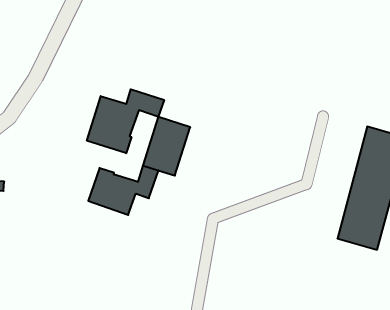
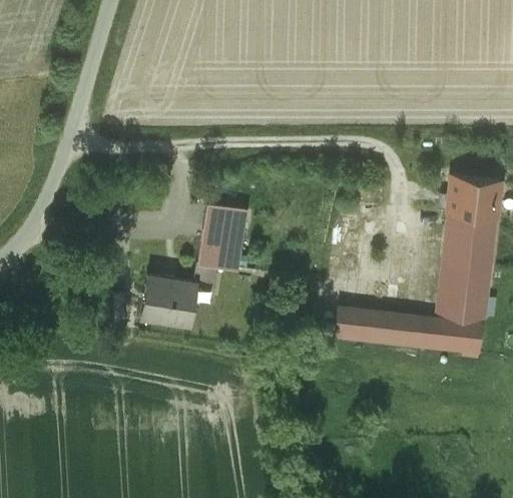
building: [87,89,164,153] -> none
building: none -> [335,306,483,354]

